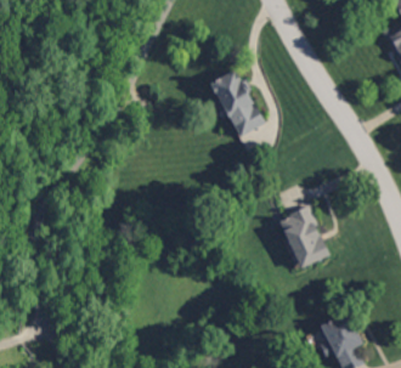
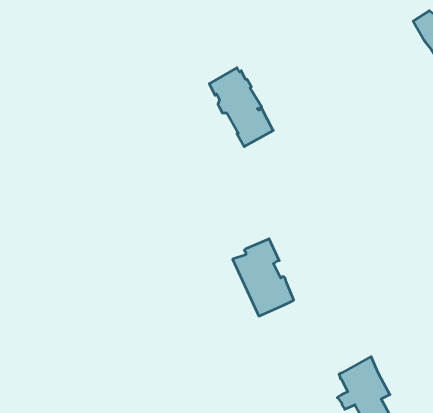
building: [277,203,328,267] -> [233,239,294,316]

